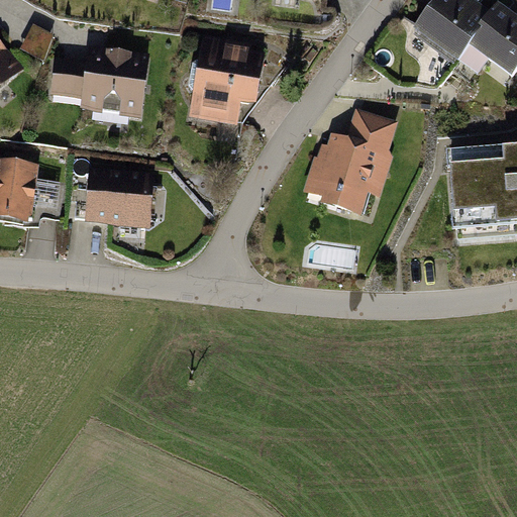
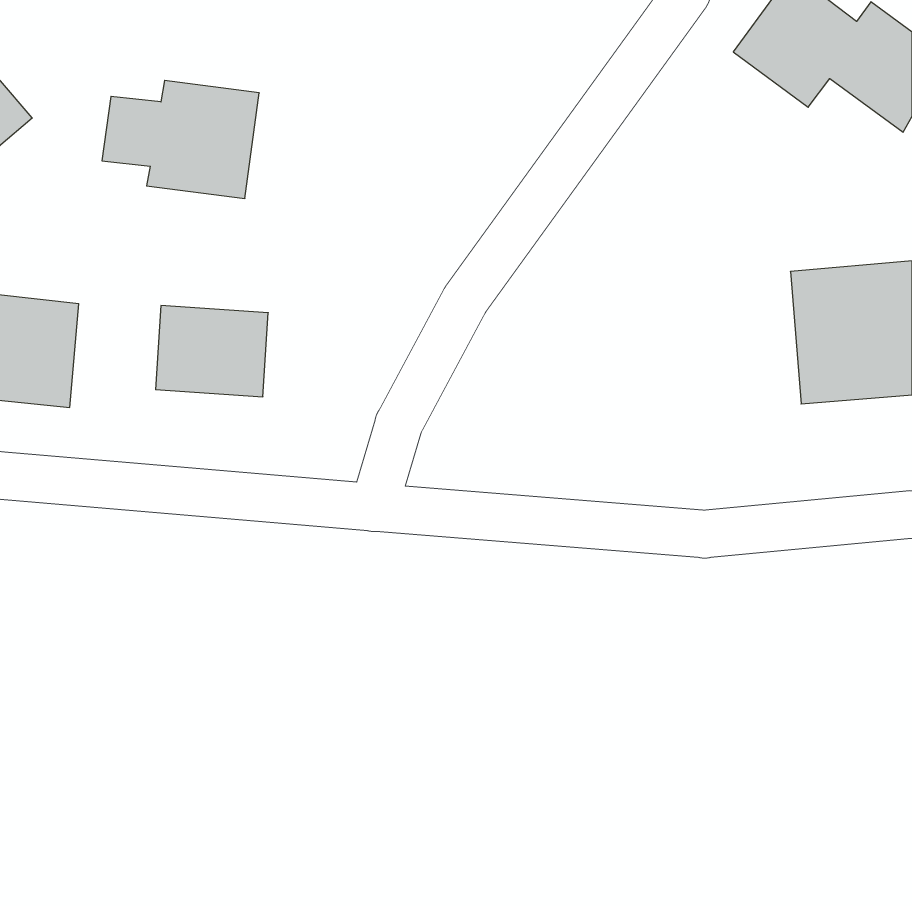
building: [193,39,262,119] -> none
building: [311,116,396,211] -> none

